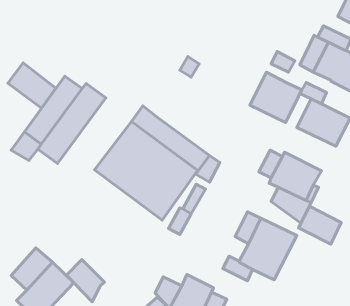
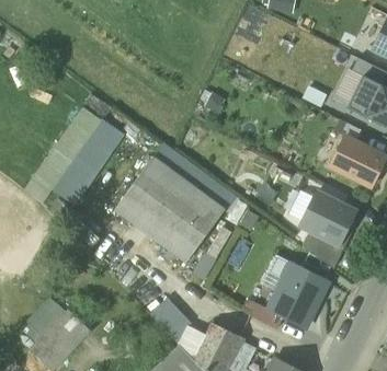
building: [8,63,56,108] -> none
building: [250,72,302,123] -> none
building: [299,206,341,244] -> none
building: [66,260,104,302] -> [150,298,191,343]

